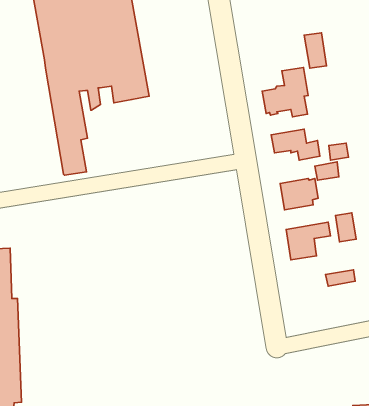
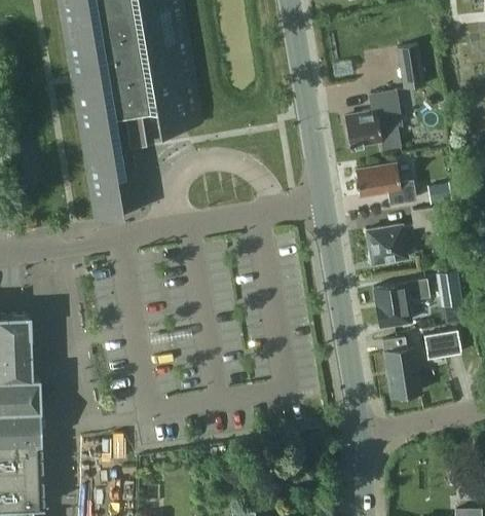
building: none -> [382,335,420,395]

